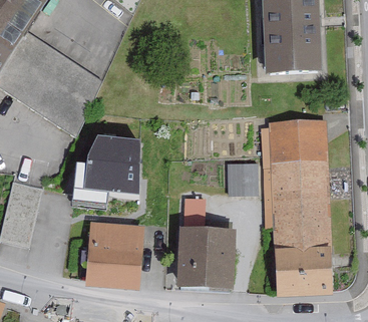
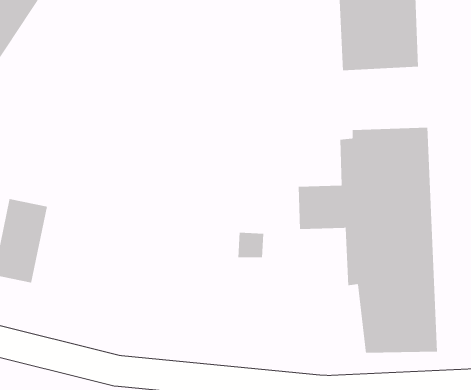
building: [67,137,142,208] -> none
building: [176,216,233,284] -> none
building: [87,221,142,282] -> none

